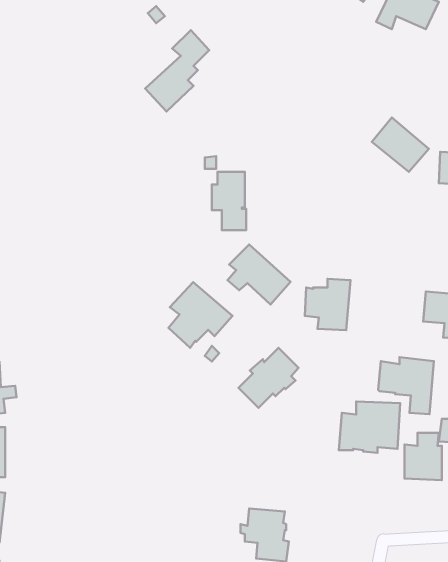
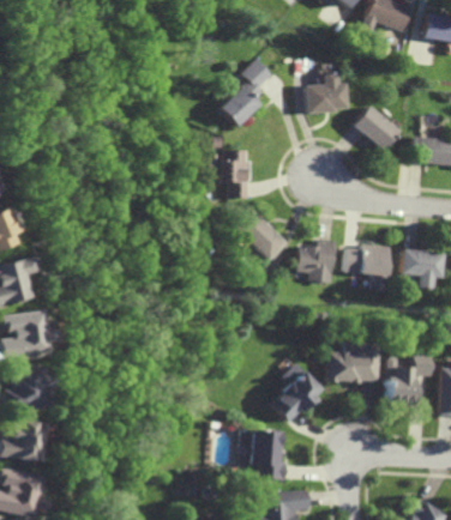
building: [145,30,209,111] -> [221,58,275,126]
building: none -> [307,71,349,111]
building: [168,282,233,348] -> none
building: [238,348,298,408] -> [272,374,323,424]
building: [378,357,434,414] -> [343,244,390,292]

